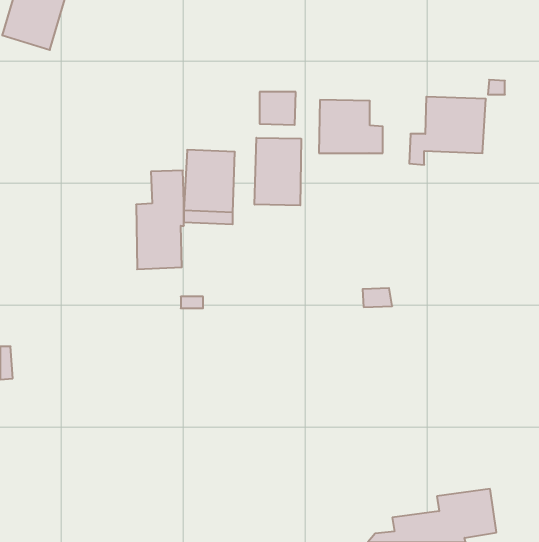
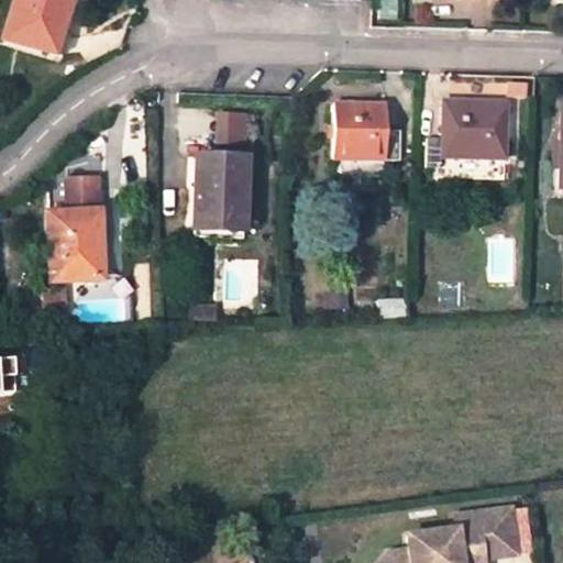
building: [260,92,296,125] -> [214,112,252,146]
building: [255,138,301,205] -> none
building: [136,170,184,269] -> [52,177,101,279]

